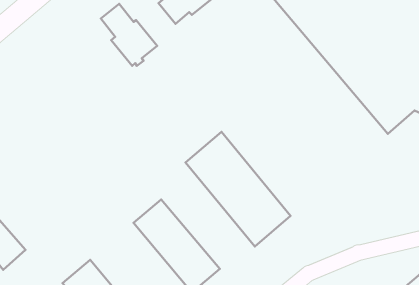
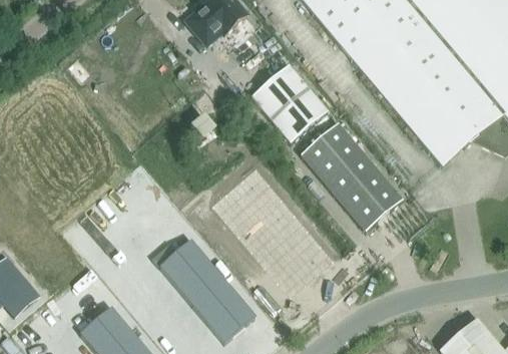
building: [101,4,157,66] -> none
building: none -> [251,64,328,142]
building: none -> [302,123,402,230]

